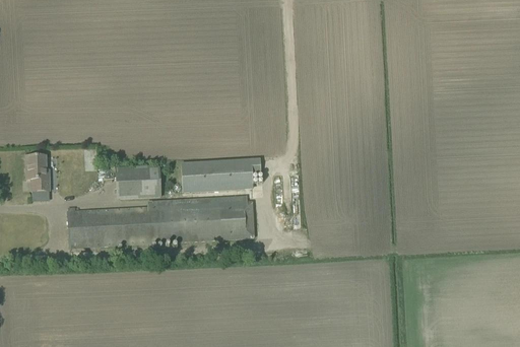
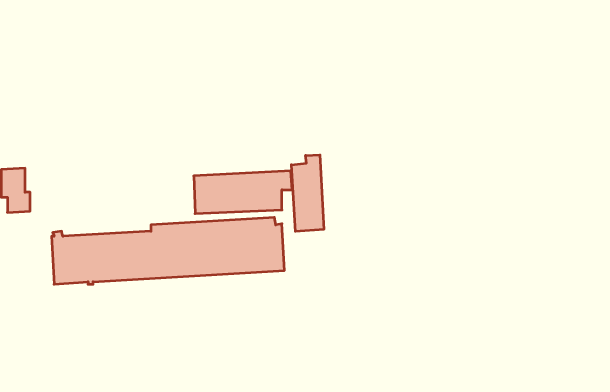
building: none -> [291,155,324,231]
building: [116,164,161,199] -> none

